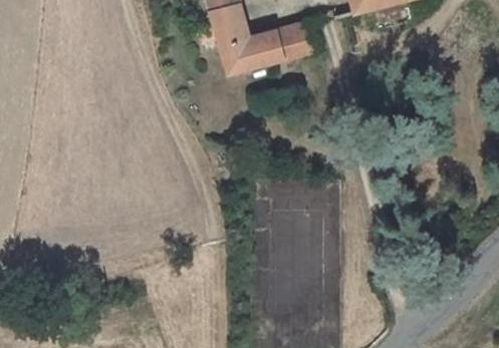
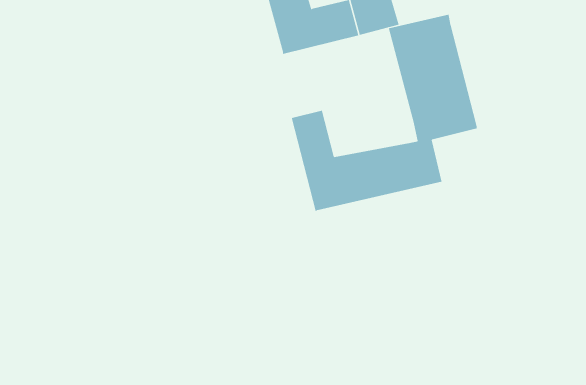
building: none -> [291,14,477,212]

